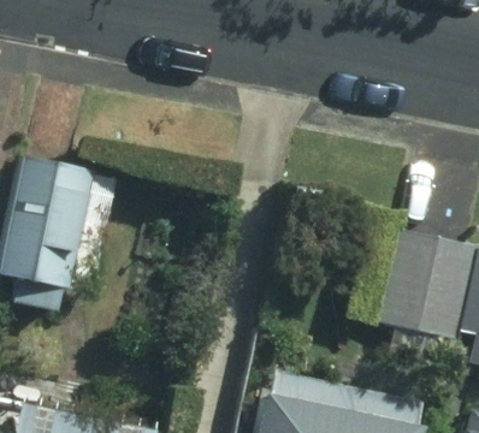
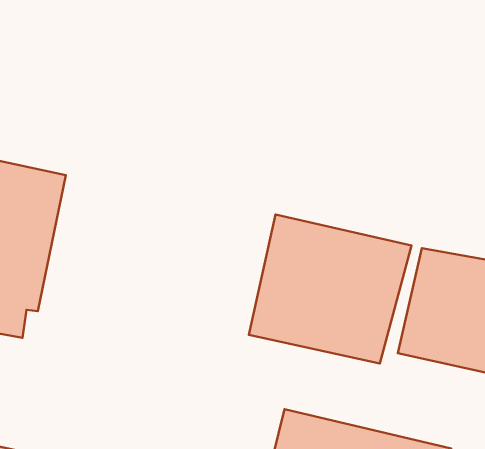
building: none -> [249,215,411,364]

